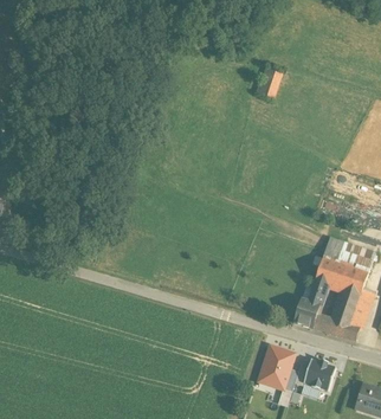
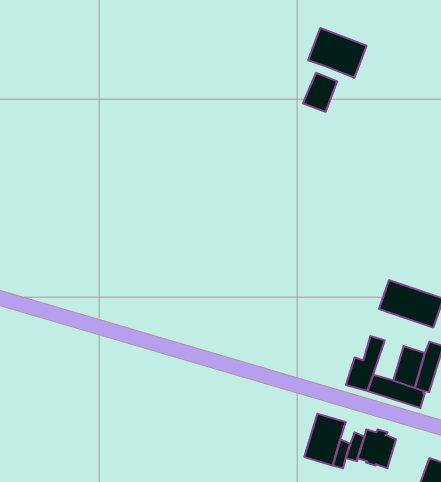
building: none -> [308,28,366,78]
building: [315,259,367,296] -> none

